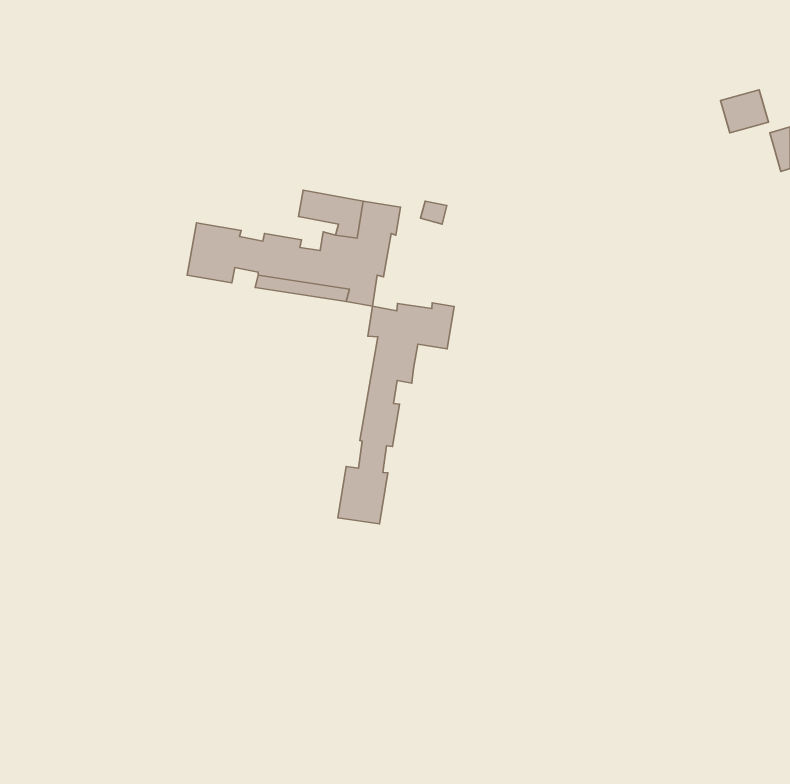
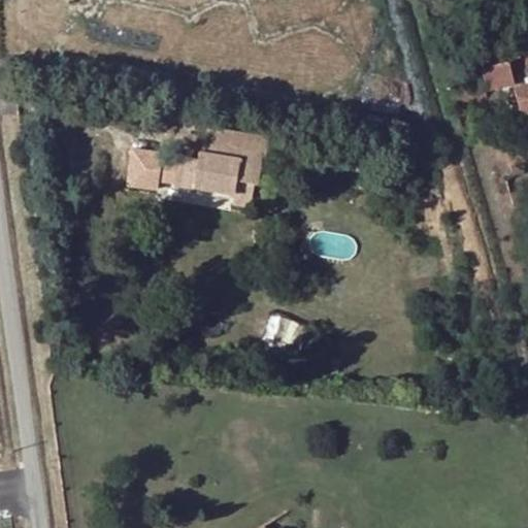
building: [338,303,454,524] -> none

